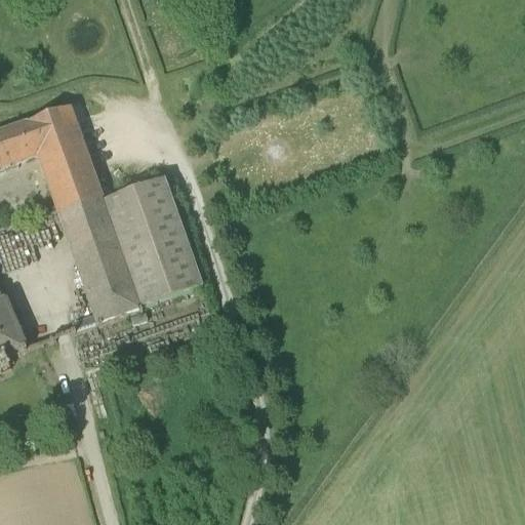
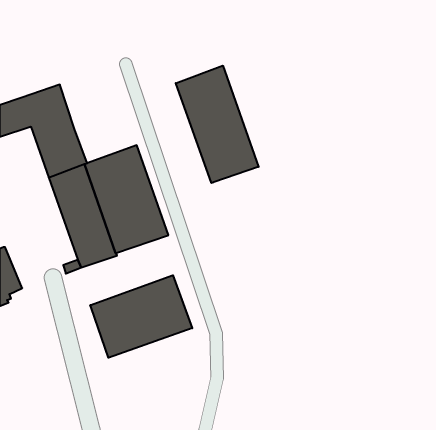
building: none -> [176,66,259,183]
building: none -> [90,275,192,358]

